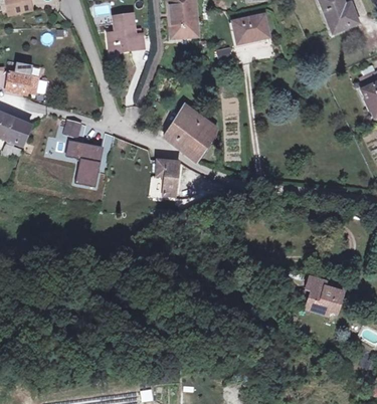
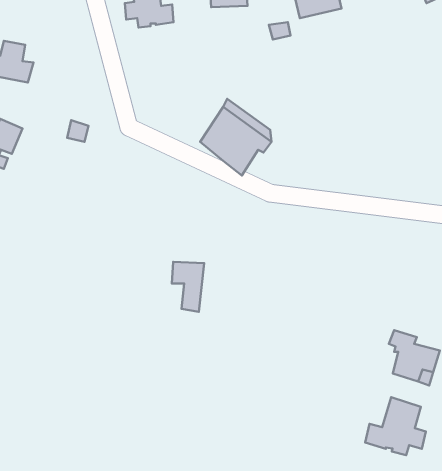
building: [65,138,104,185] -> none
building: [155,159,179,196] -> [172,262,204,312]
building: none -> [365,397,426,455]

